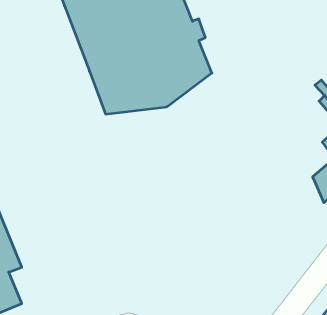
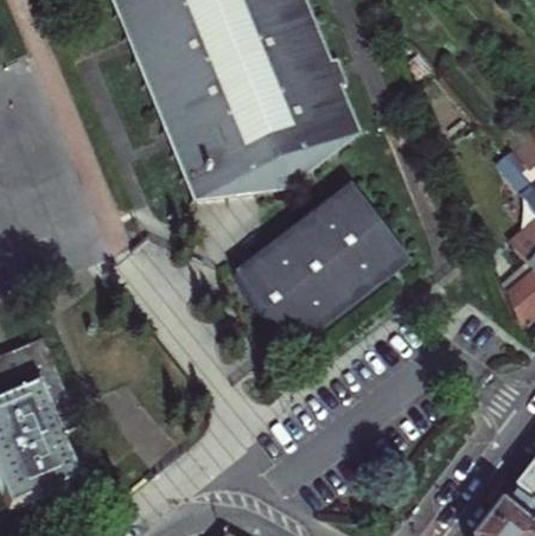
building: none -> [243,194,406,350]

